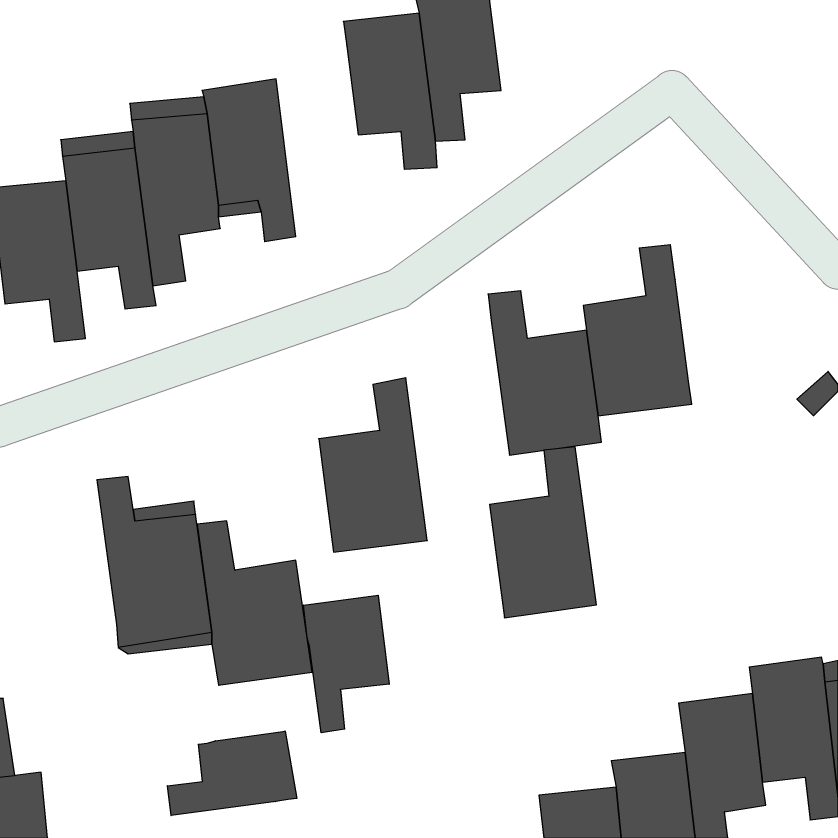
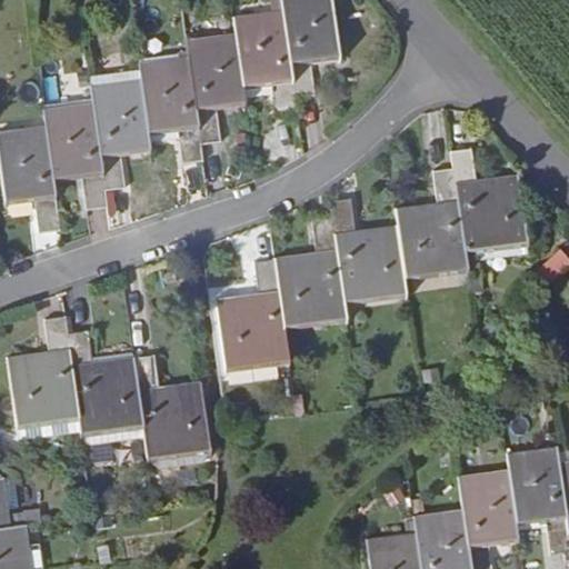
building: none -> [184,31,244,142]
building: none -> [451,146,528,258]
building: [490,447,596,618] -> [274,217,347,332]
building: none -> [6,313,79,431]
building: [303,595,389,733] -> none
building: [167,731,297,816] -> none

